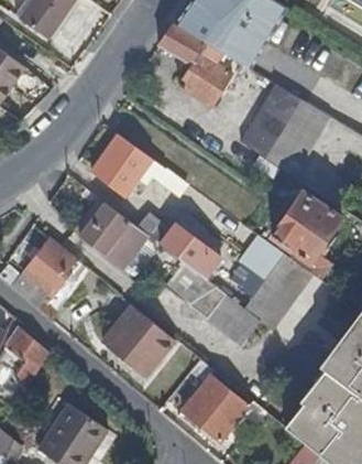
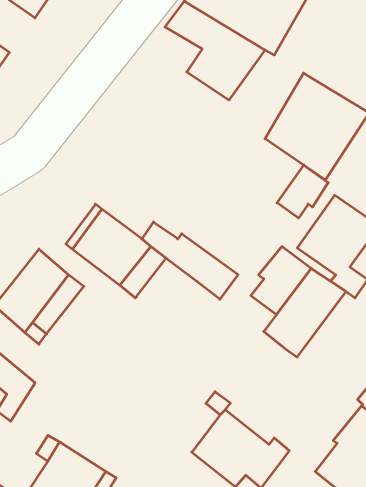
building: [91,134,183,195] -> none
building: none -> [277,165,328,218]
building: [168,265,261,346] -> none
building: [103,306,174,376] -> none

